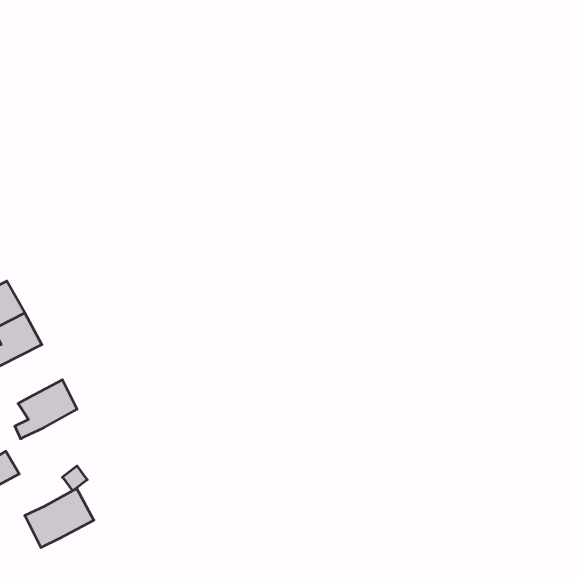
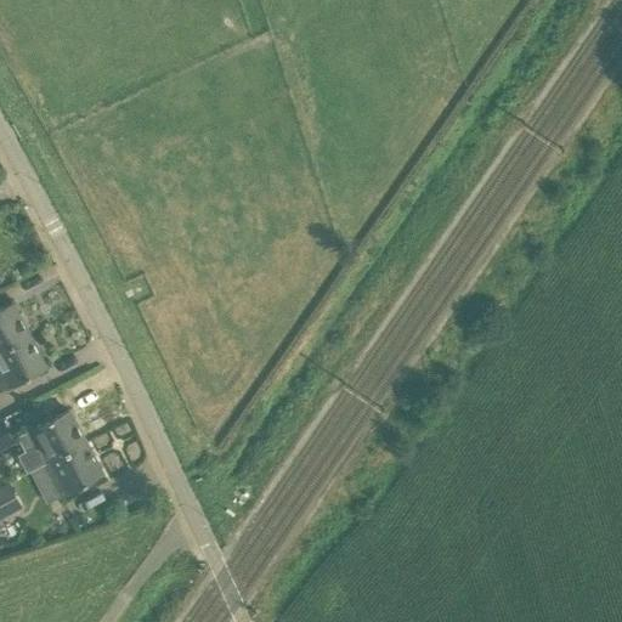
building: [25,488,94,547] -> [27,441,101,504]

